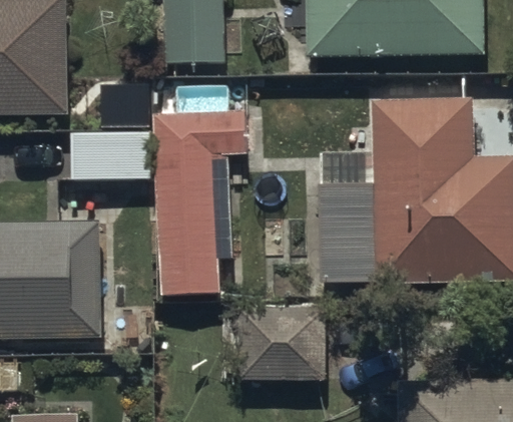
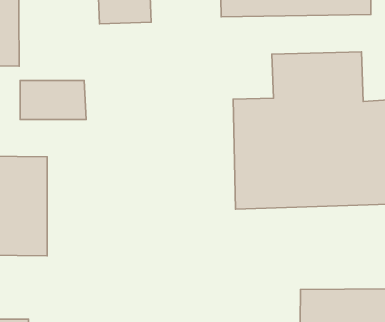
building: [152,112,245,294] -> none
building: [236,294,327,382] -> none

